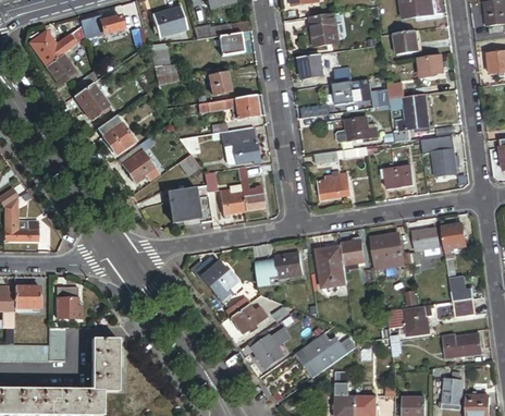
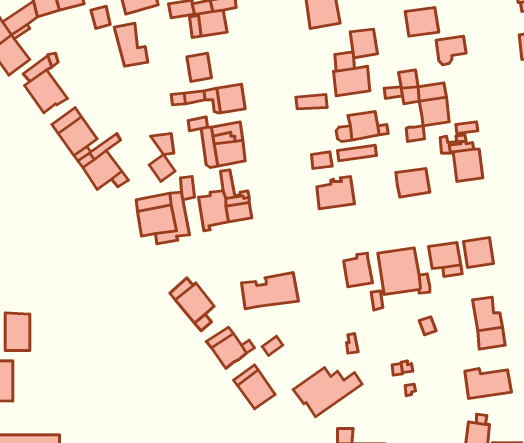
building: [299,54,322,78] -> [350,29,377,58]
building: [316,244,346,285] -> none
building: [404,307,429,335] -> none
building: [91,338,118,390] -> none

